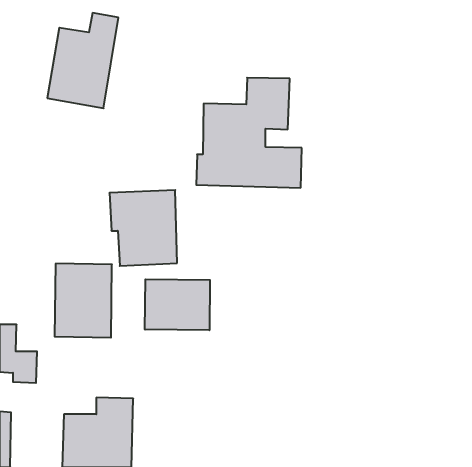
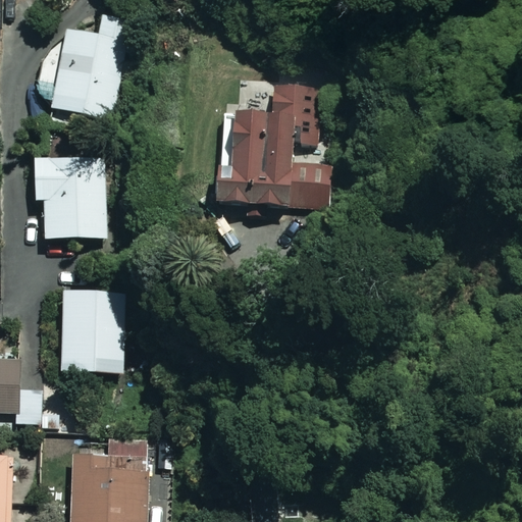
building: [109,190,177,266] -> [33,156,107,240]
building: [145,279,210,330] -> none

